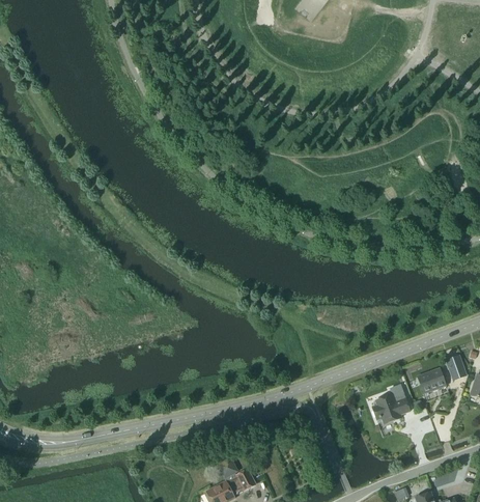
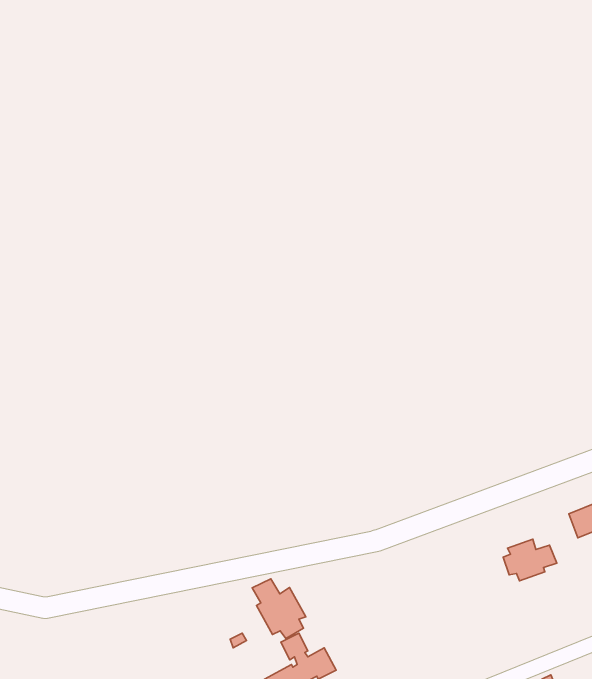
building: none -> [252,579,306,638]

